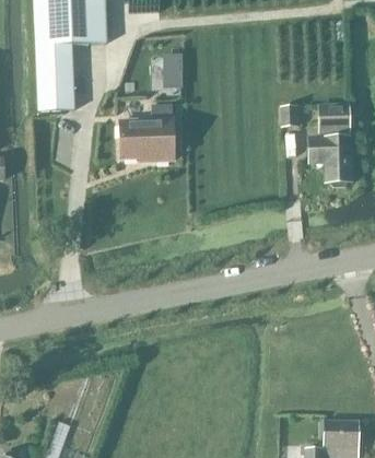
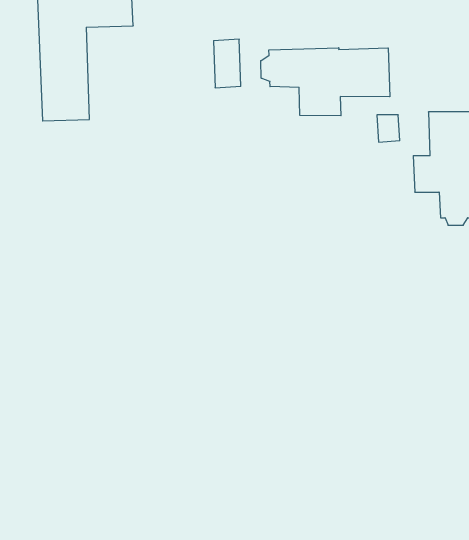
building: none -> [261,48,390,116]
building: [120,105,174,158] -> none

